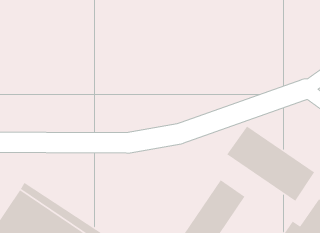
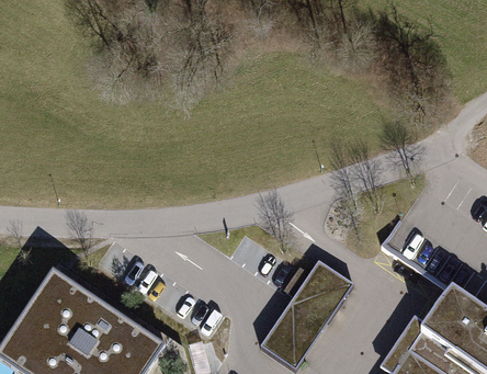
building: [226,125,315,202] -> none

